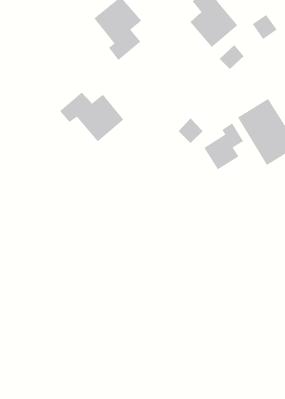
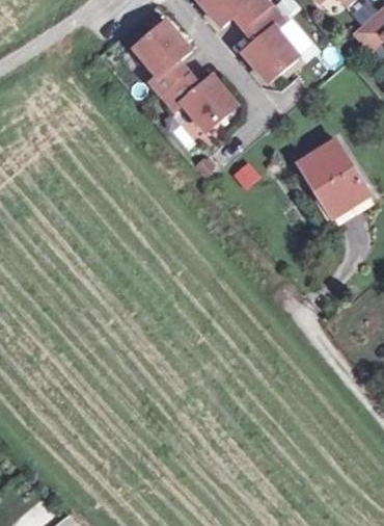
building: [59,92,124,142] -> [162,74,236,131]
building: [203,122,244,170] -> none

